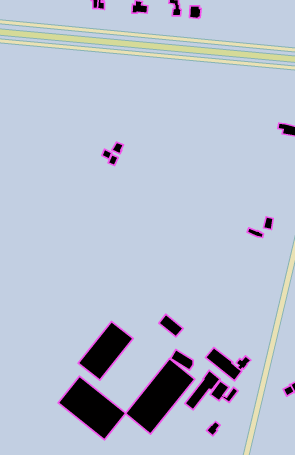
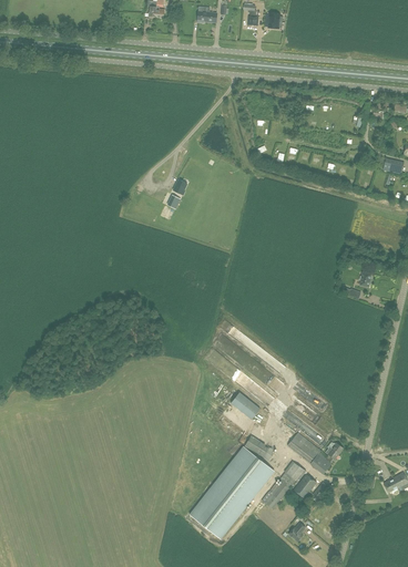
building: [78,322,133,380] -> none
building: [58,376,126,440] -> none

